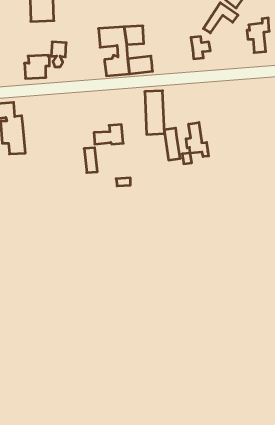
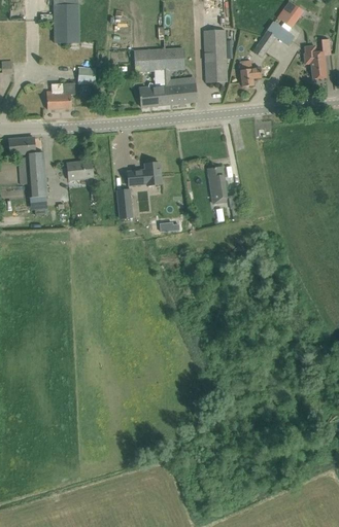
building: [145,91,164,134] -> [204,32,227,82]
building: [186,122,209,157] -> none
building: none -> [67,161,94,179]

